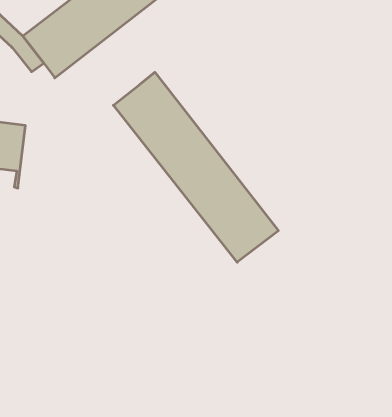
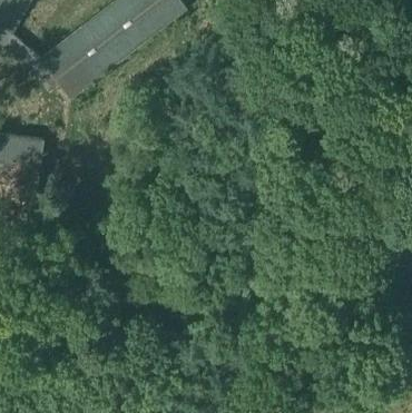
building: [113,72,278,262] -> none

